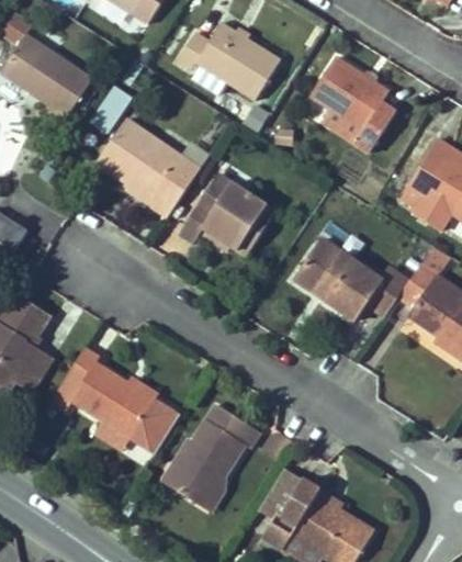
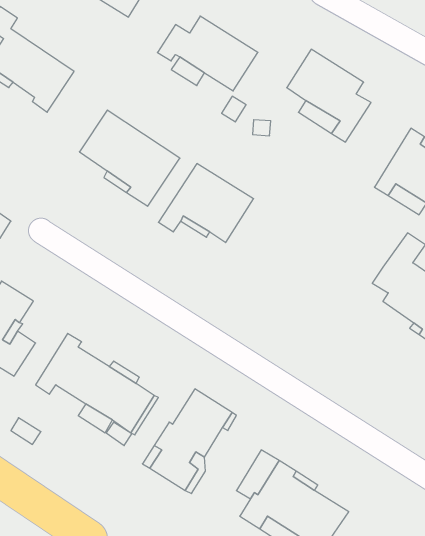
building: [89,82,132,134] -> none
building: [295,237,409,319] -> none

